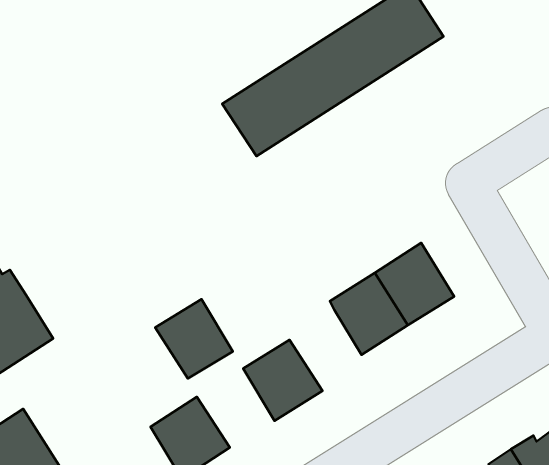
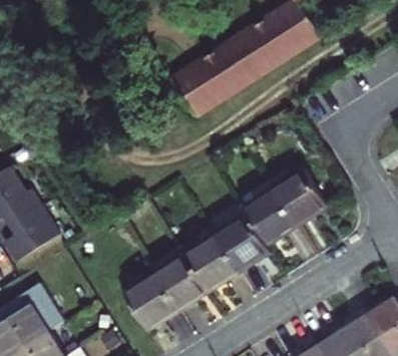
building: [155,299,233,378] -> [154,255,207,308]
building: none -> [217,216,269,270]

